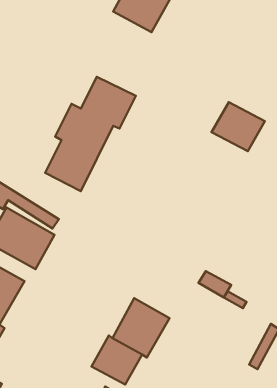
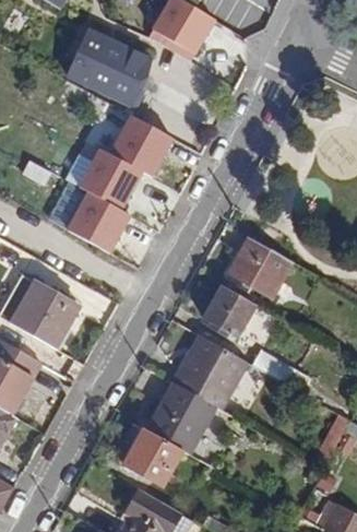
building: none -> [68,29,148,103]
building: [211,102,265,151] -> [228,237,293,296]
building: none -> [204,284,255,336]
building: none -> [172,334,247,409]

